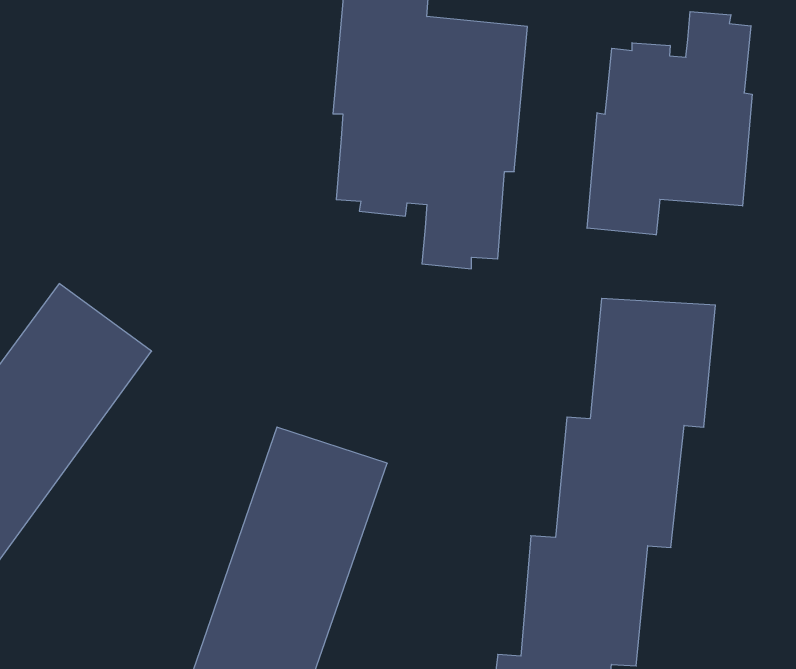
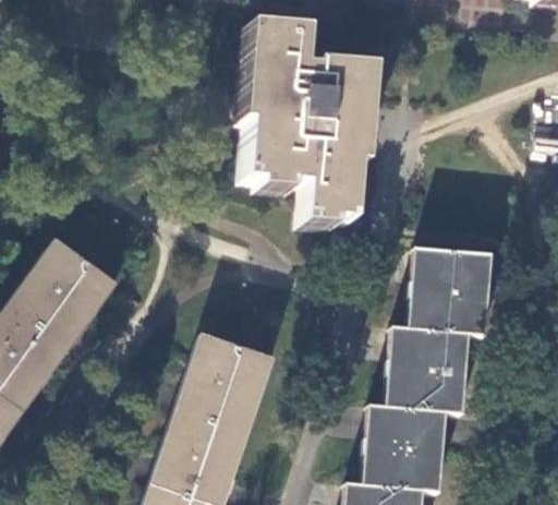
building: [587,12,752,235] -> none

